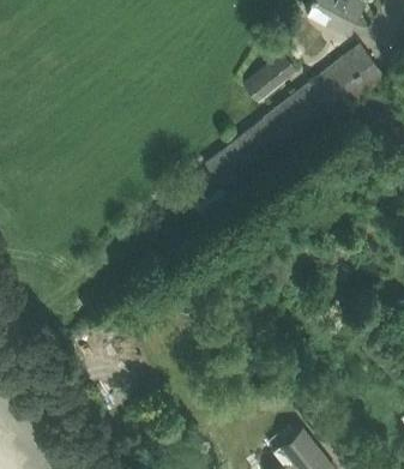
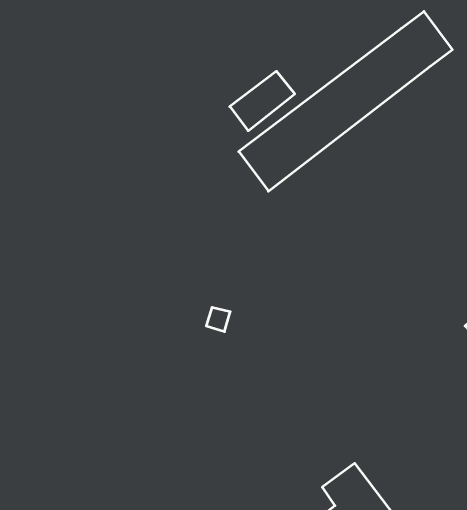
building: [243,52,299,102] -> [230,71,295,131]

